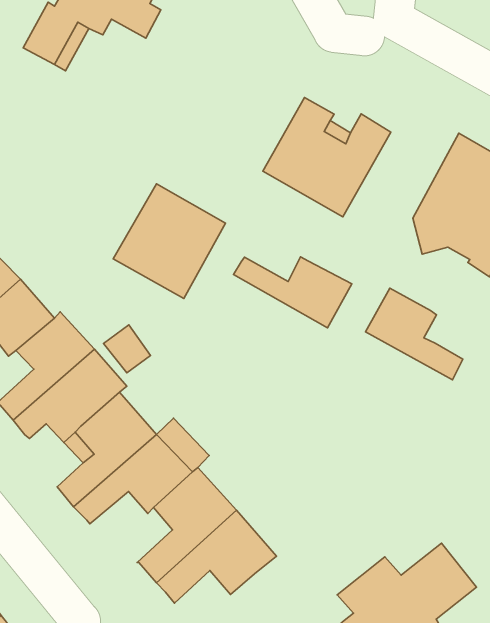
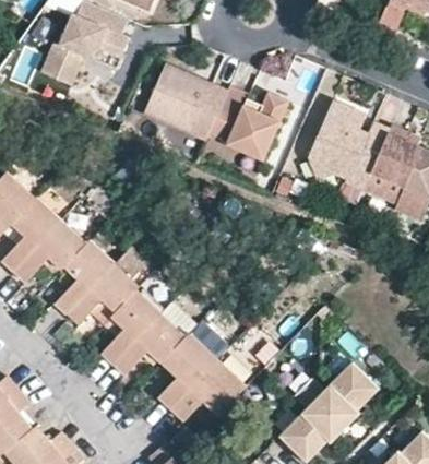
building: [113,184,226,299] -> [143,58,214,131]
building: [233,257,352,328] -> none
building: [366,288,463,380] -> none

